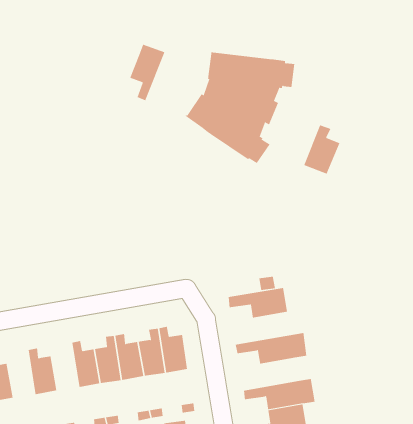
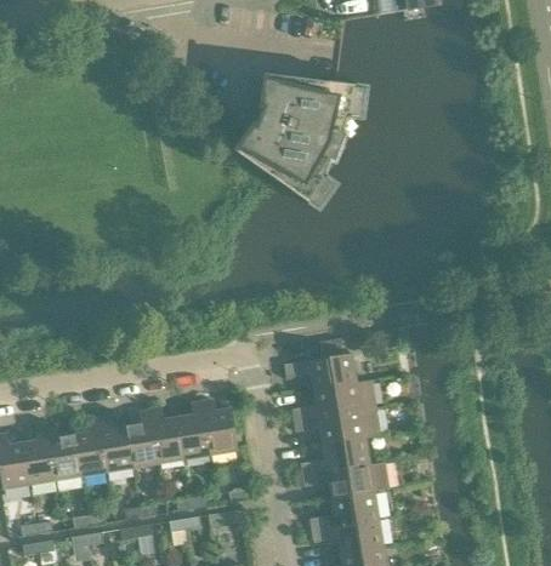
building: [130,44,165,101] -> none
building: [304,125,340,174] -> none
building: none -> [292,381,376,422]
building: none -> [75,419,108,476]
building: none -> [23,428,56,485]
building: none -> [301,438,370,476]

